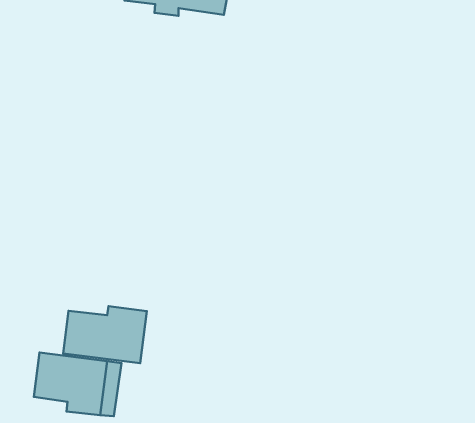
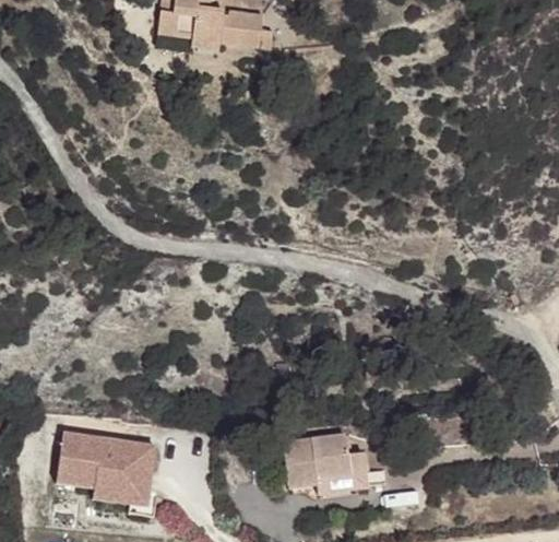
building: [63,306,147,363] -> none
building: none -> [284,434,370,494]

